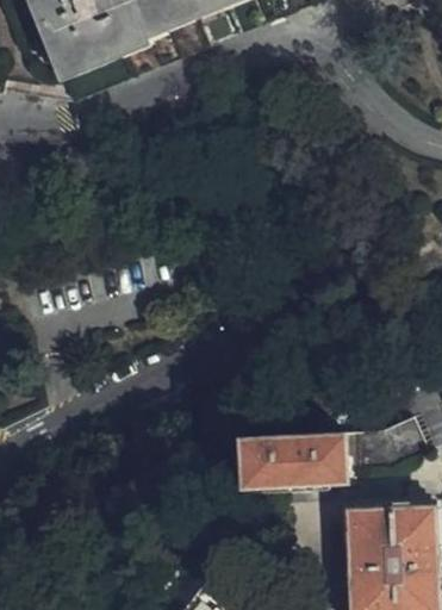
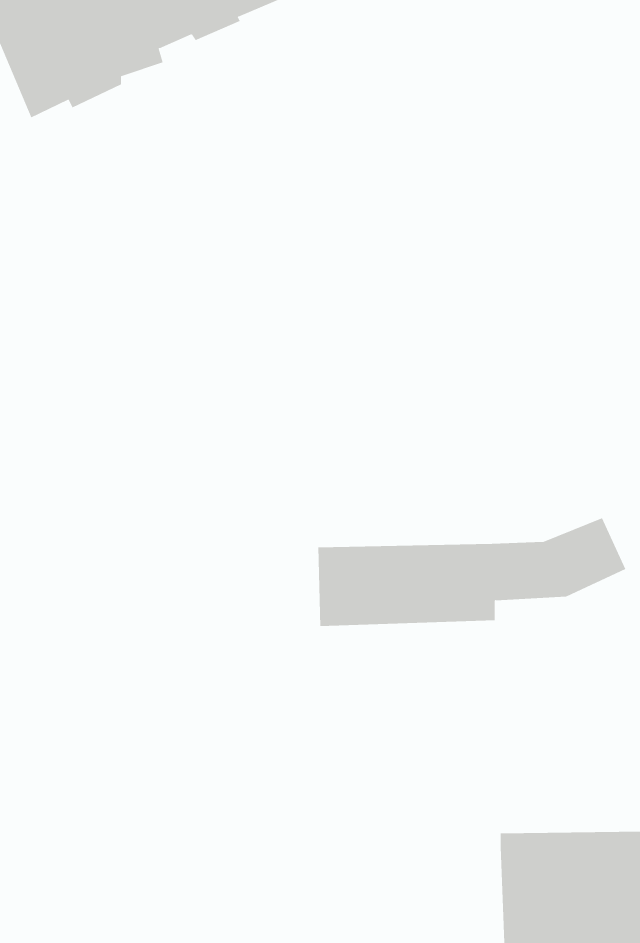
building: [238,418,424,484] -> [317,518,626,627]

